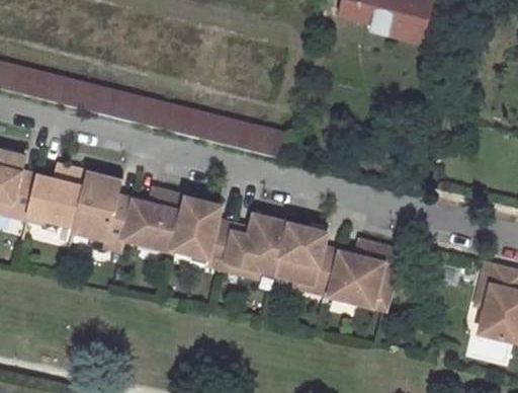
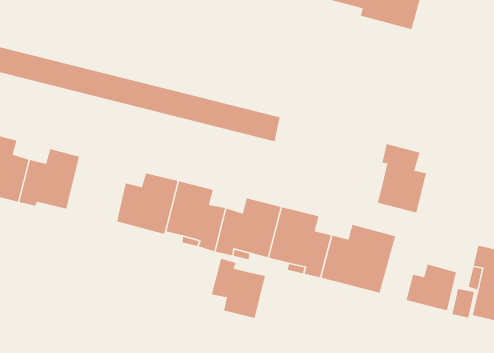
building: none -> [377,143,427,214]
building: [74,172,134,251] -> none
building: none -> [211,258,266,319]
building: none -> [406,263,457,311]

